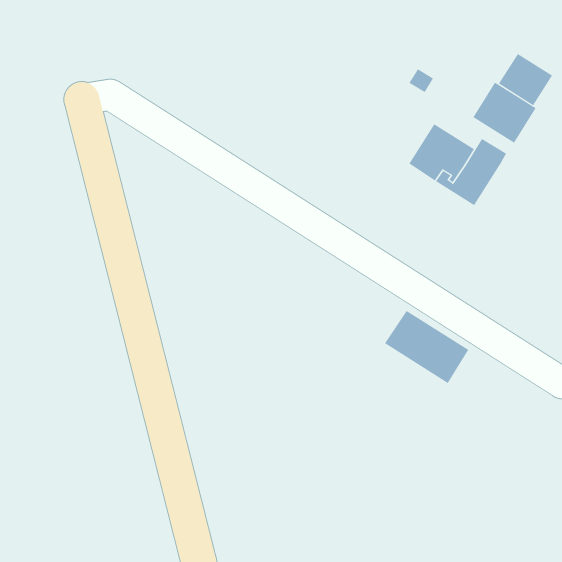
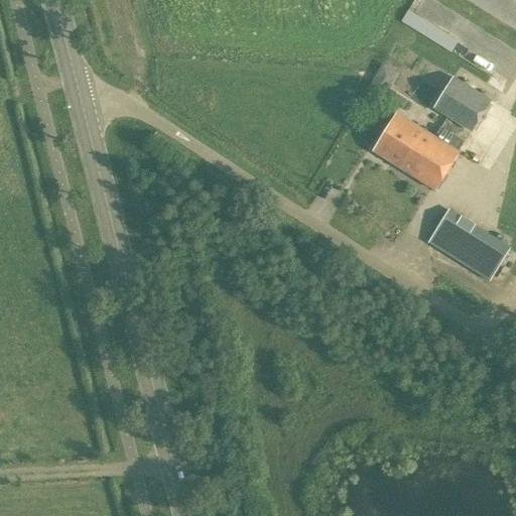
building: [498,53,553,106] -> none
building: [384,310,469,384] -> [428,211,506,278]

